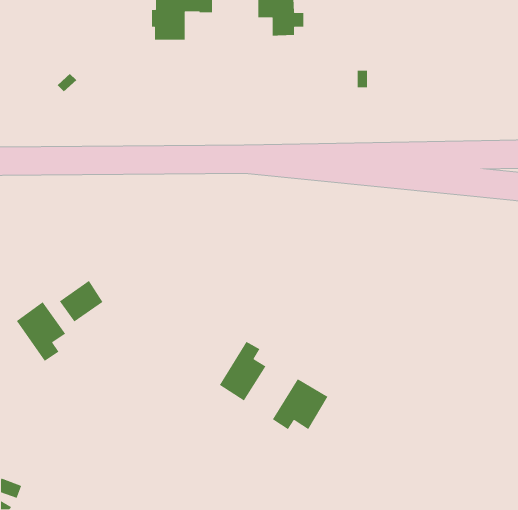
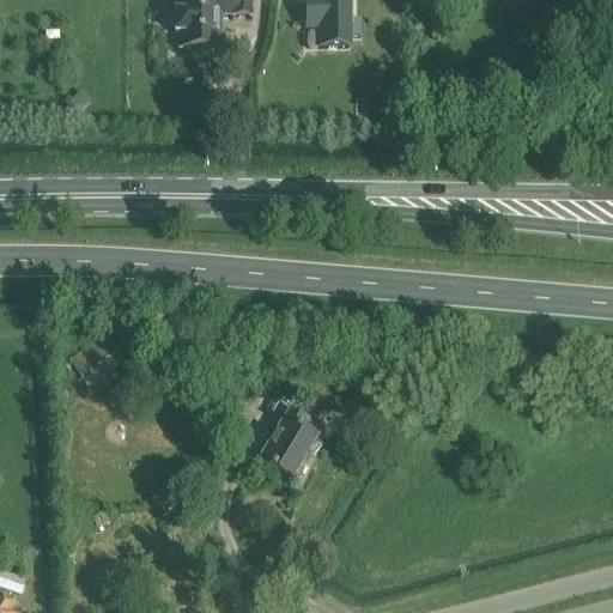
building: [16,301,66,362] -> none
building: [272,378,328,430] -> none

